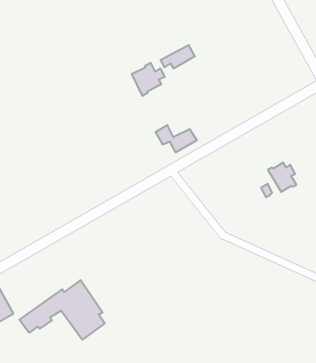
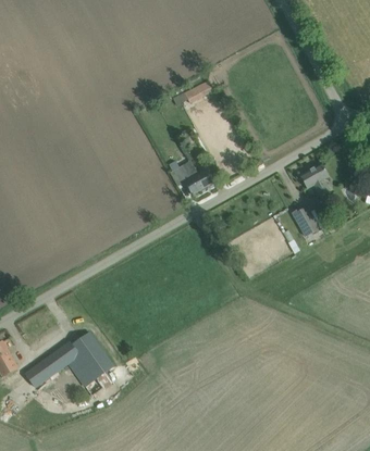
building: [132,63,165,96] -> none
building: none -> [300,162,329,191]

